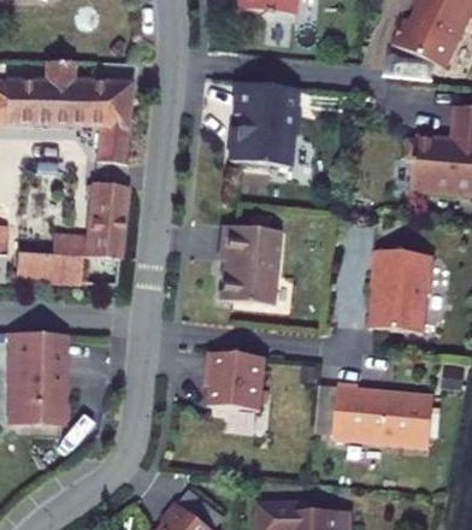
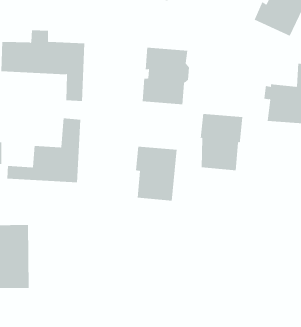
building: [370,248,432,331] -> [200,113,243,171]
building: [205,352,264,411] -> none
building: [332,385,433,449] -> none

